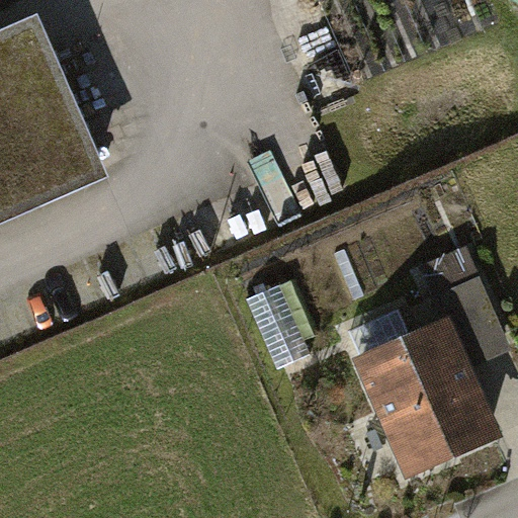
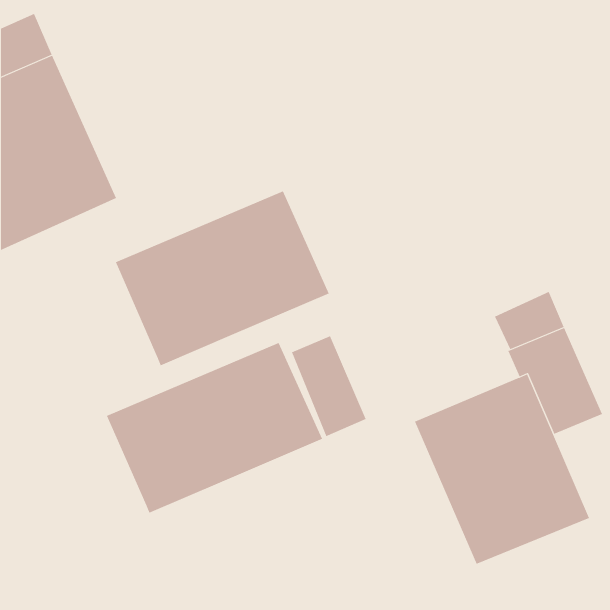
building: none -> [115,191,330,366]
building: none -> [106,342,323,513]

